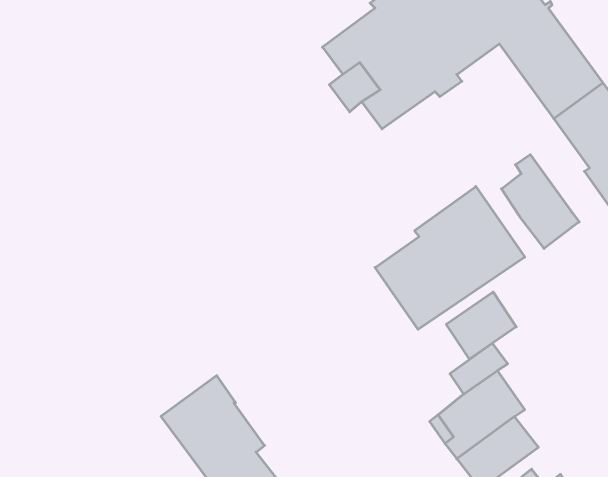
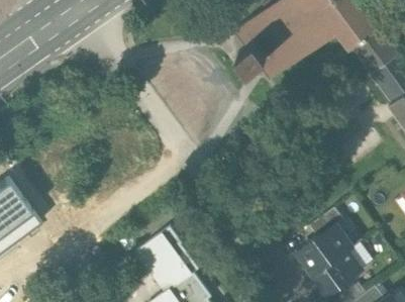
building: [501,155,579,249] -> none
building: [375,186,525,329] -> none
building: [446,292,516,359] -> none

